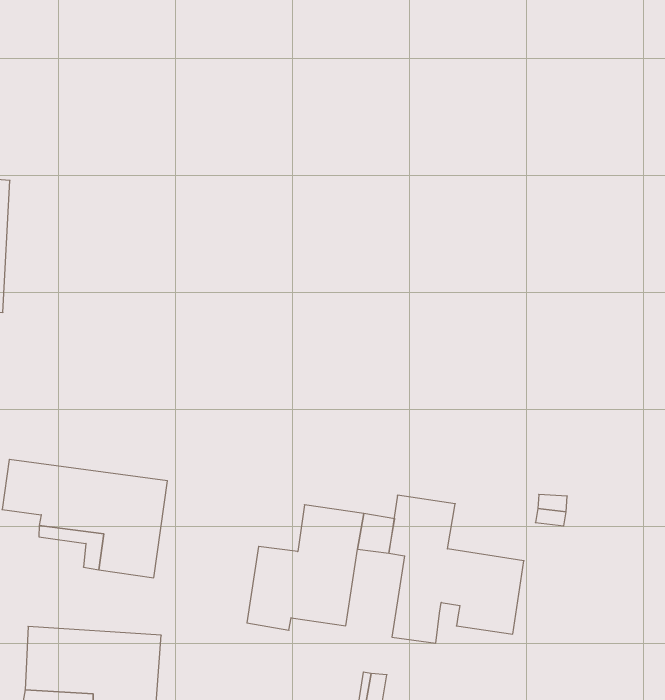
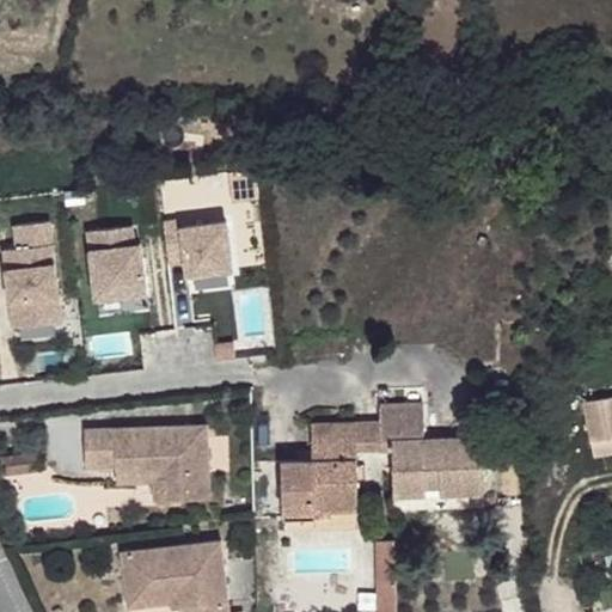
building: none -> [86,225,145,313]
building: none -> [163,221,231,275]

